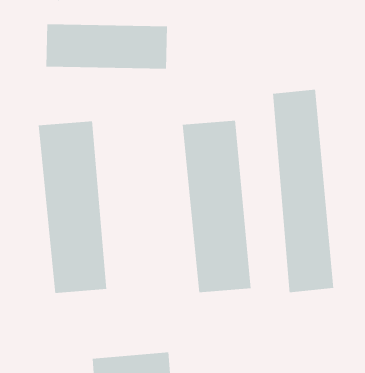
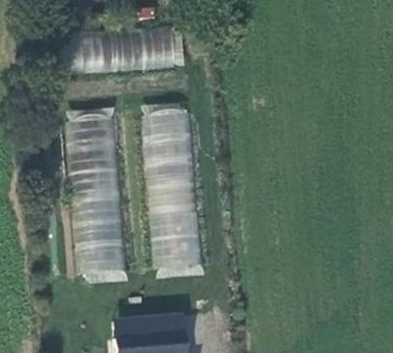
building: [273,89,334,293] -> none
building: [182,120,251,293] -> [137,108,202,268]

